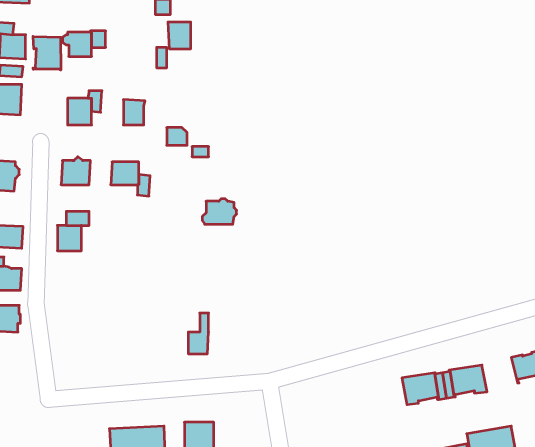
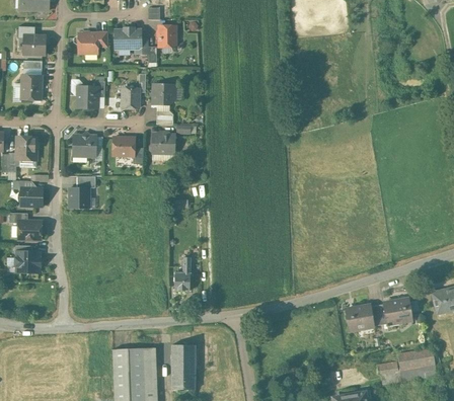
building: none -> [116,27,141,54]
building: [33,36,61,70] -> none
building: none -> [150,82,174,103]
building: [202,199,237,224] -> [150,132,177,152]

